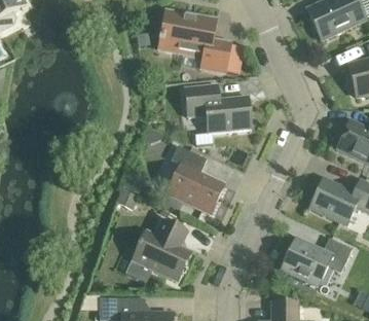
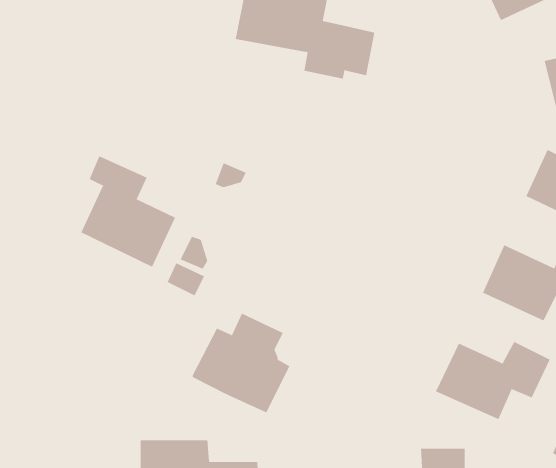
building: [183,84,251,133] -> none
building: [165,145,224,214] -> [81,156,176,268]

